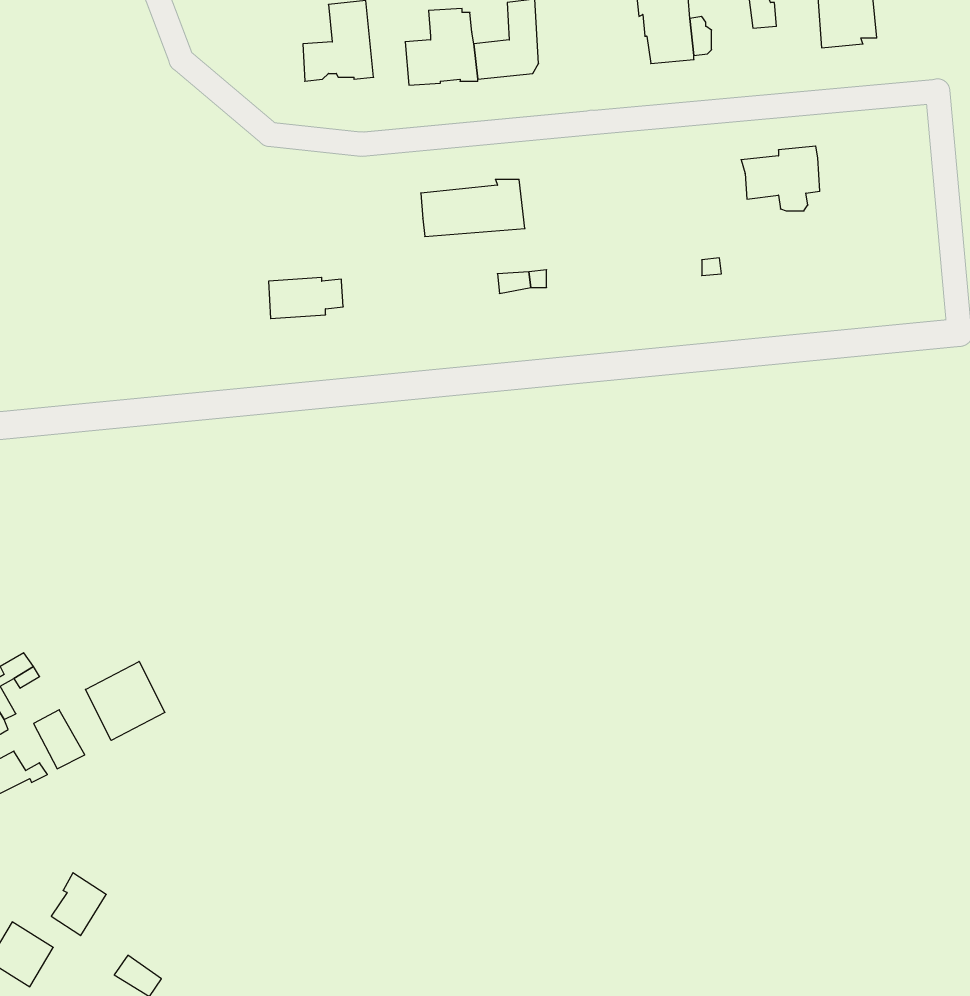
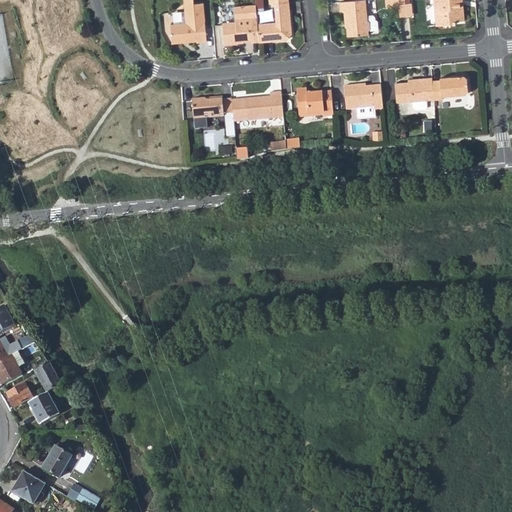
building: none -> [432,75,470,102]
building: none -> [344,83,383,107]
building: none -> [298,90,333,116]
building: [269,277,343,319] -> [193,97,231,118]
building: [85,661,165,740] -> none
building: none -> [26,392,57,424]

